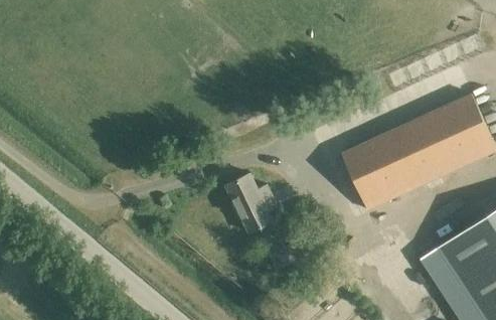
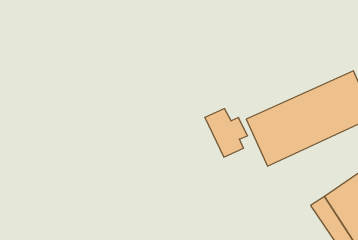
building: [225,174,278,233] -> [205,109,248,157]

